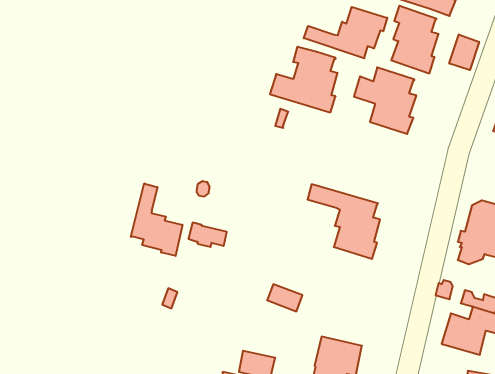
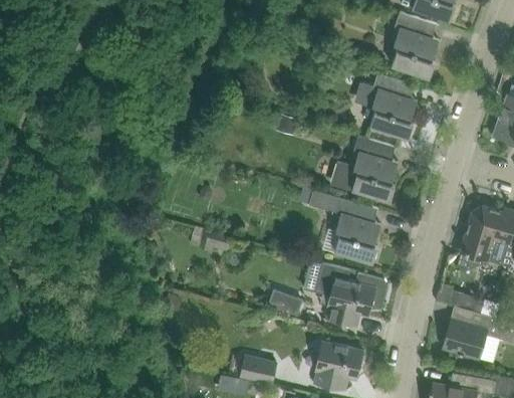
building: [304,7,387,58] -> none
building: [449,34,479,70] -> none
building: [270,47,338,112] -> [330,137,398,202]
building: [131,183,182,256] -> none
building: none -> [314,263,387,328]

